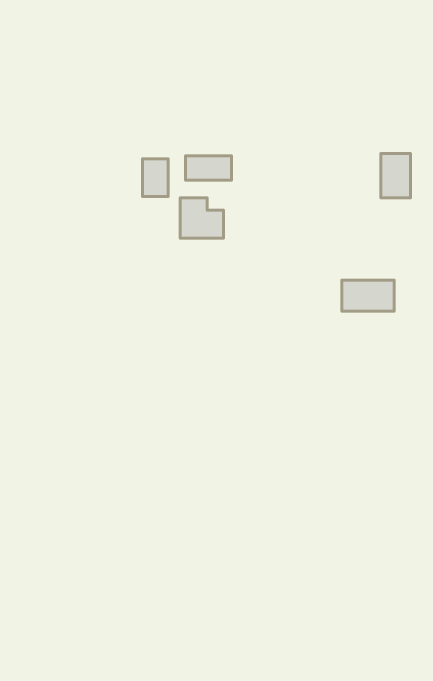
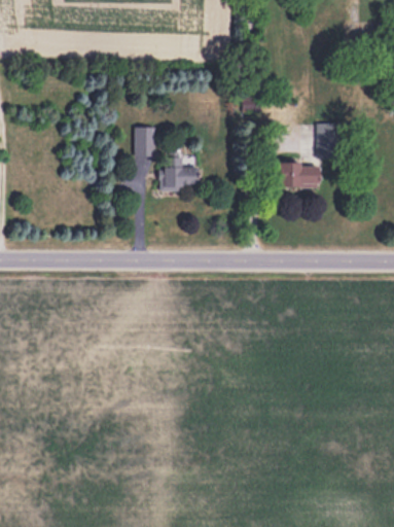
building: [185,156,231,180] -> none
building: [342,280,394,311] -> [278,163,318,186]

